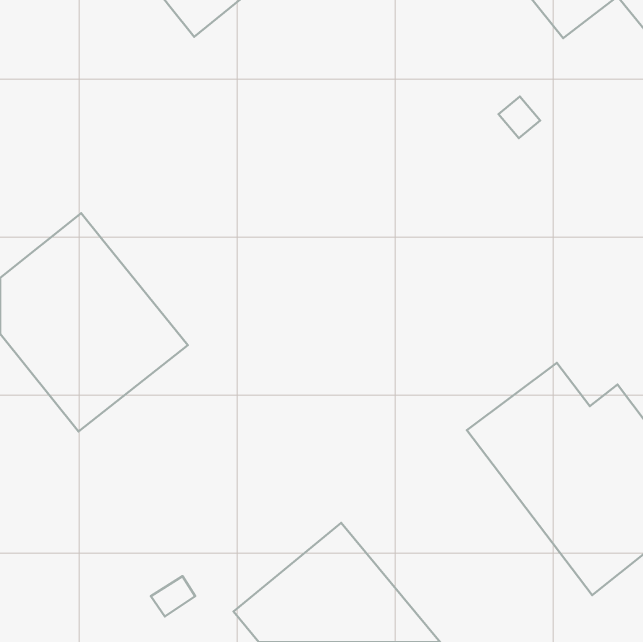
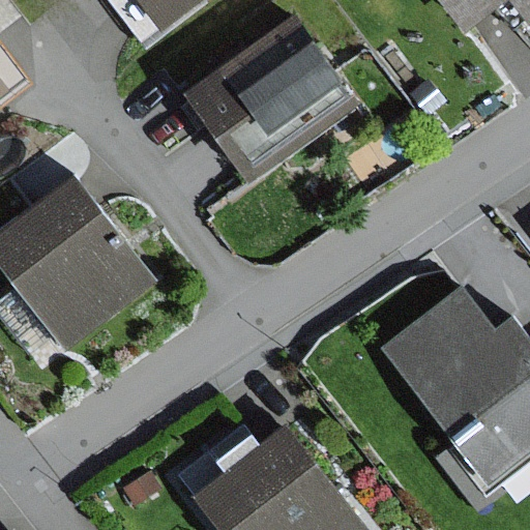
building: none -> [181,19,352,184]

